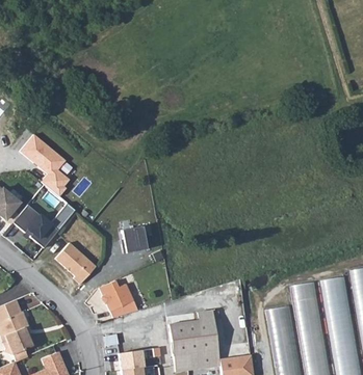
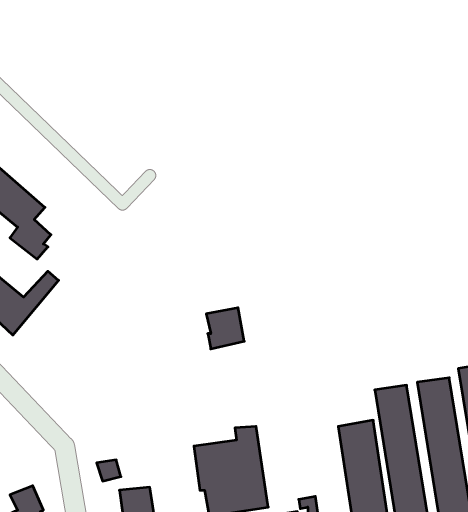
building: [121,226,147,255] -> [206,308,244,349]
building: [56,242,97,284] -> none
building: [101,280,138,318] -> none

